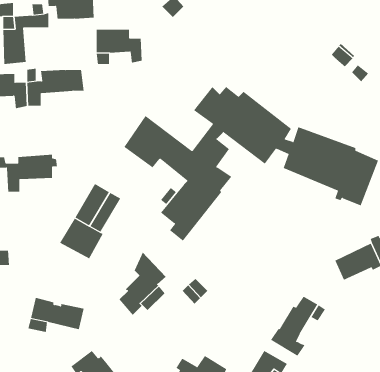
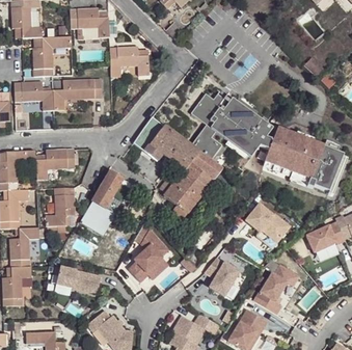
building: none -> [47,188,77,227]
building: none -> [245,204,289,242]
building: none -> [205,258,239,294]

